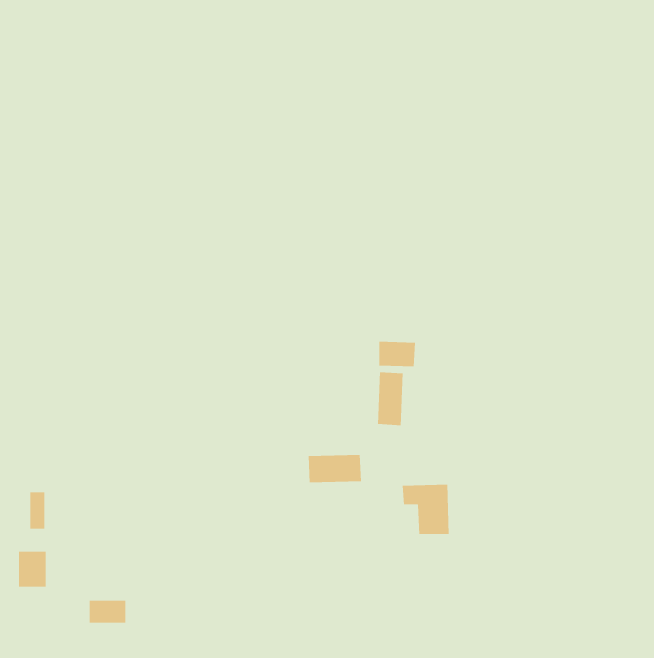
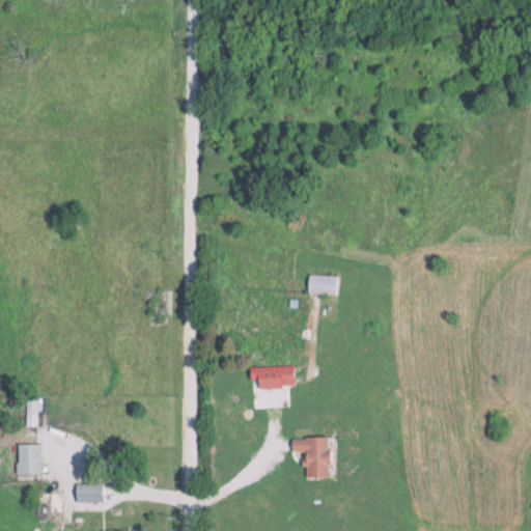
building: [378,371,403,426] -> none
building: [402,484,449,535] -> [290,437,329,477]

